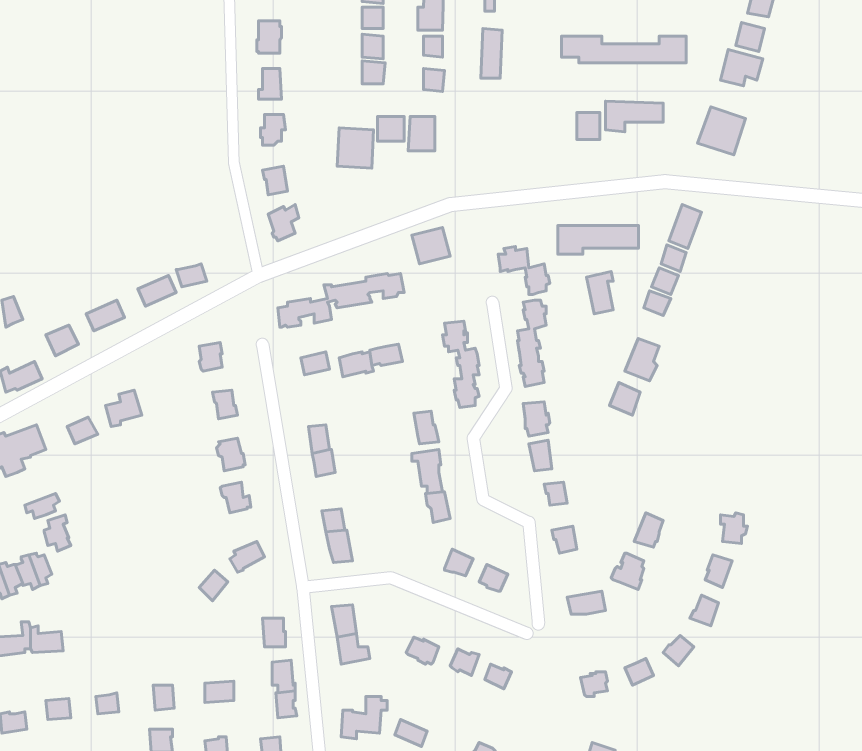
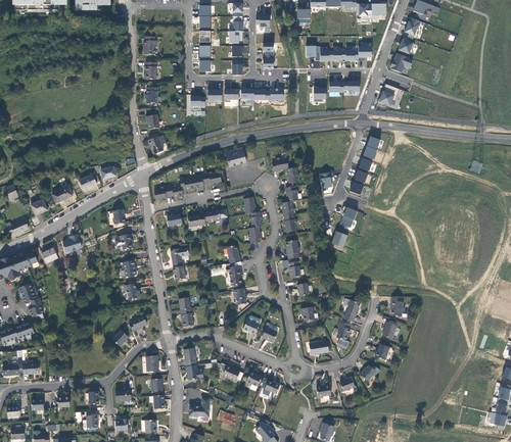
building: [558,225,638,254] -> [241,89,284,104]

